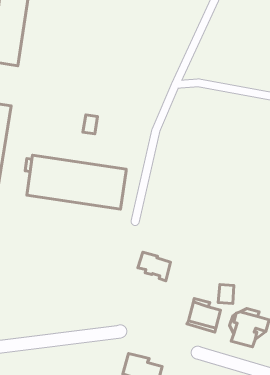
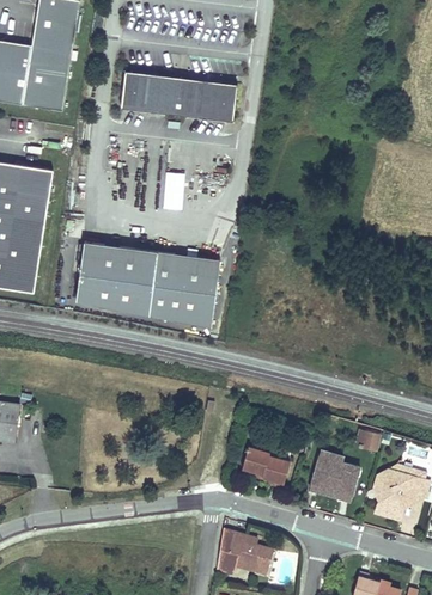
building: none -> [120,72,237,122]
building: [138,252,171,281] -> [241,447,288,489]

